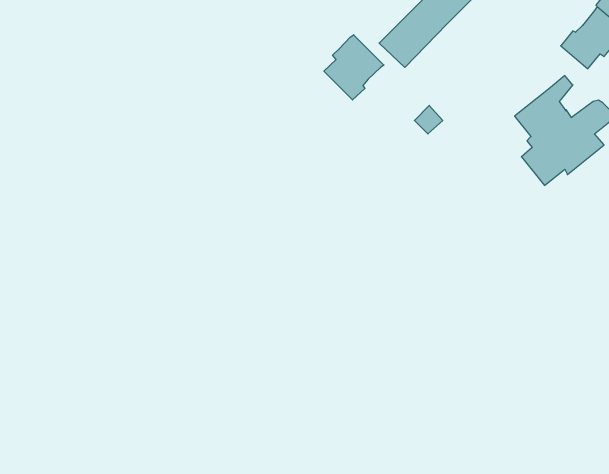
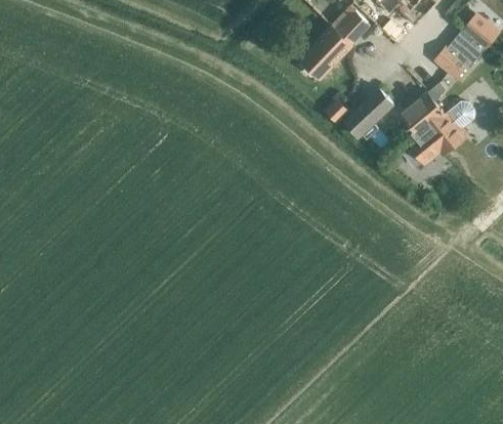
building: [324,35,384,100] -> none
building: none -> [345,88,393,135]

